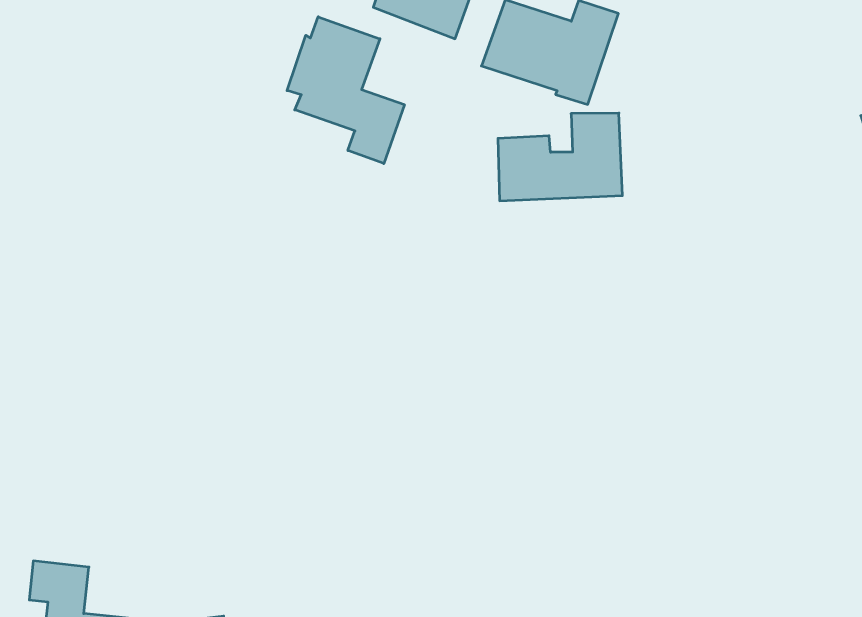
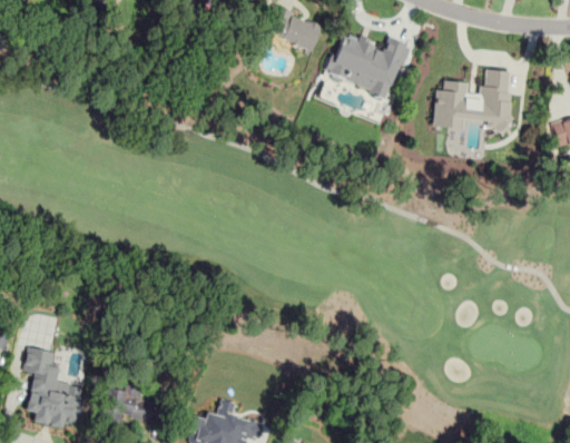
building: [287,17,404,164] -> none
building: [498,113,622,201] -> [435,71,512,124]

